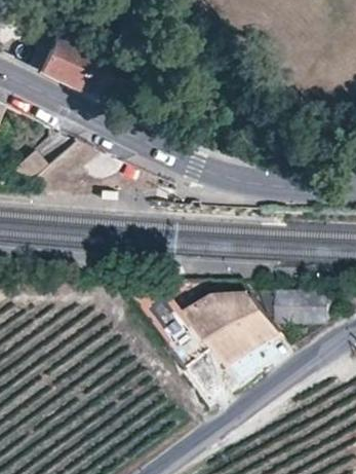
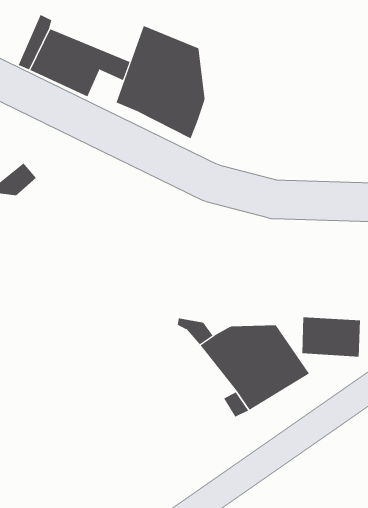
building: none -> [116,25,205,139]

